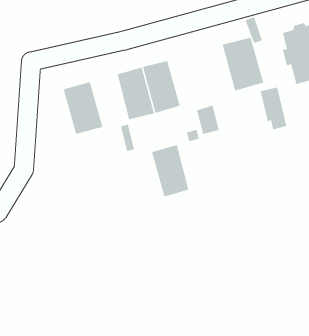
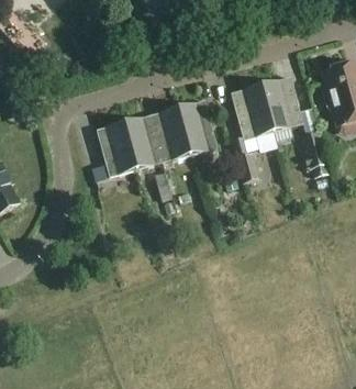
building: none -> [229,86,271,142]
building: [151,144,189,197] -> [122,116,162,171]

